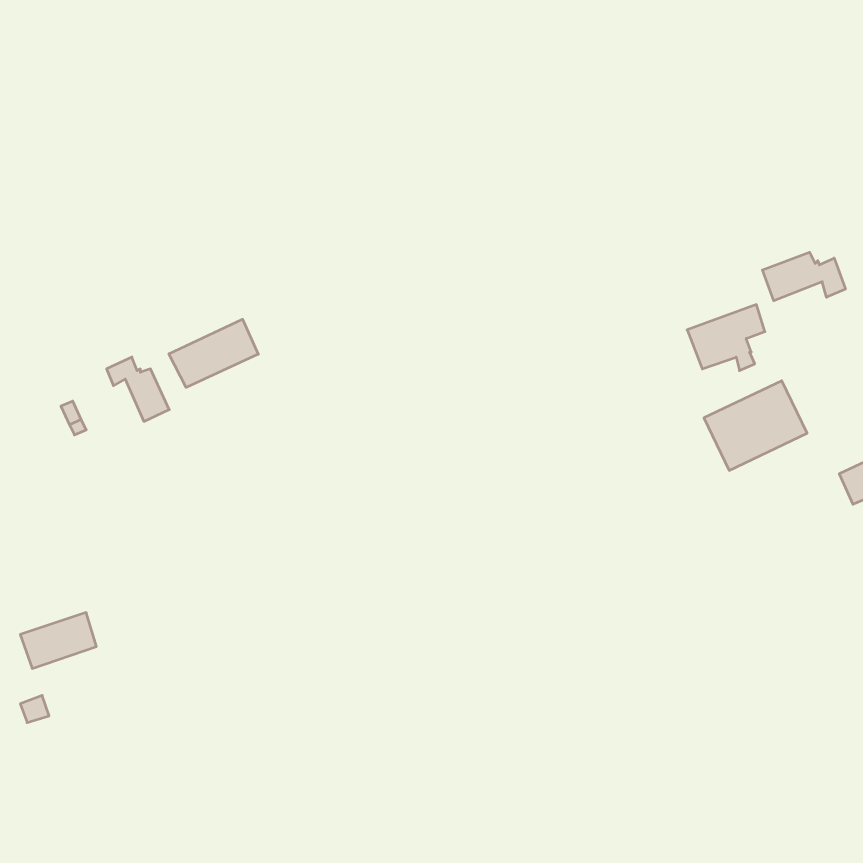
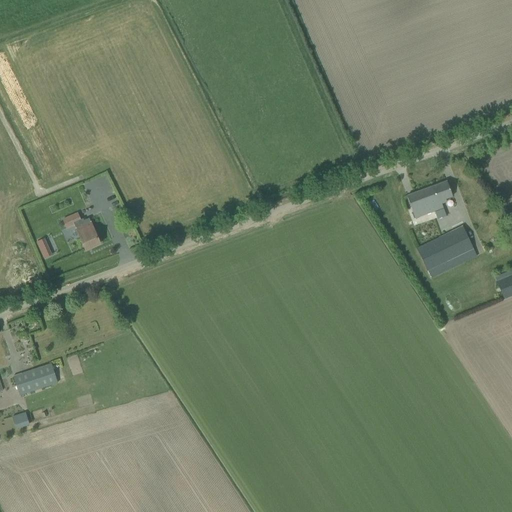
building: [762,252,845,301] -> none
building: [169,319,258,387] -> none

